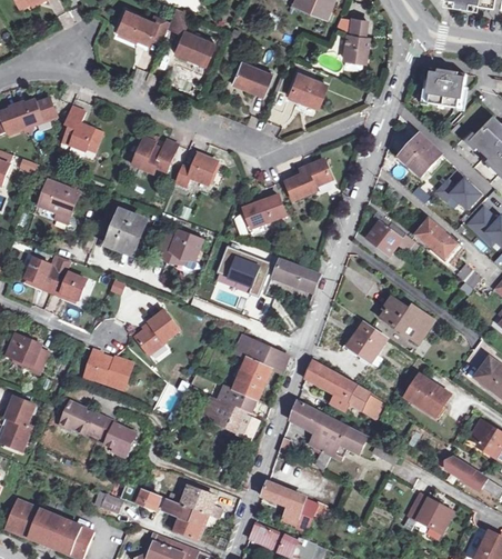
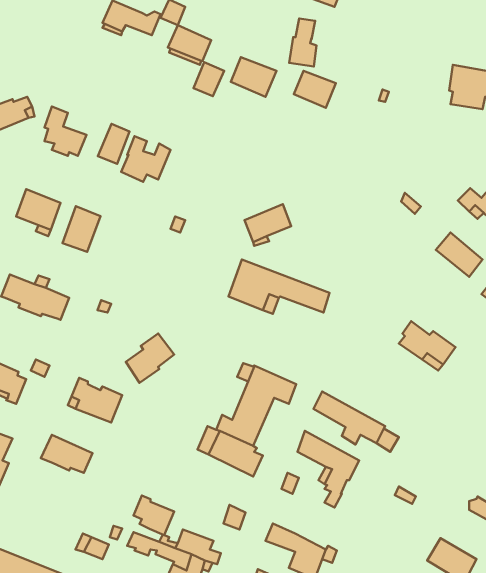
building: [343,18,368,61] -> [289,19,316,67]
building: none -> [194,62,224,96]
building: none -> [98,124,130,164]
building: [401,134,441,176] -> none
building: [173,152,215,187] -> none
building: [285,159,332,200] -> none
building: [110,211,144,252] -> [62,206,101,252]
building: [368,216,419,256] -> none
building: [158,229,203,263] -> none
building: [347,322,386,361] -> none
building: [404,373,450,419] -> none
building: [99,418,135,453] -> [133,496,174,535]
building: [331,425,367,460] -> none

